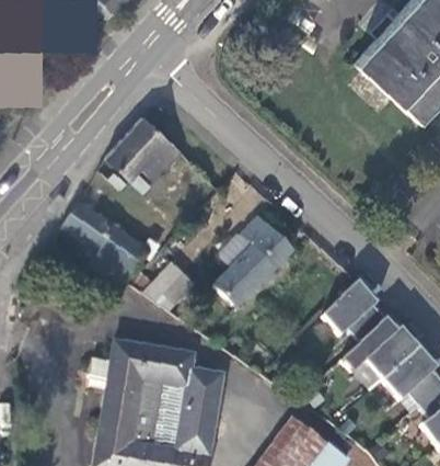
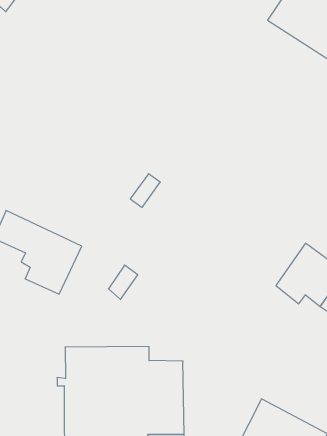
building: [106,116,192,187] -> none
building: [213,216,292,307] -> none

